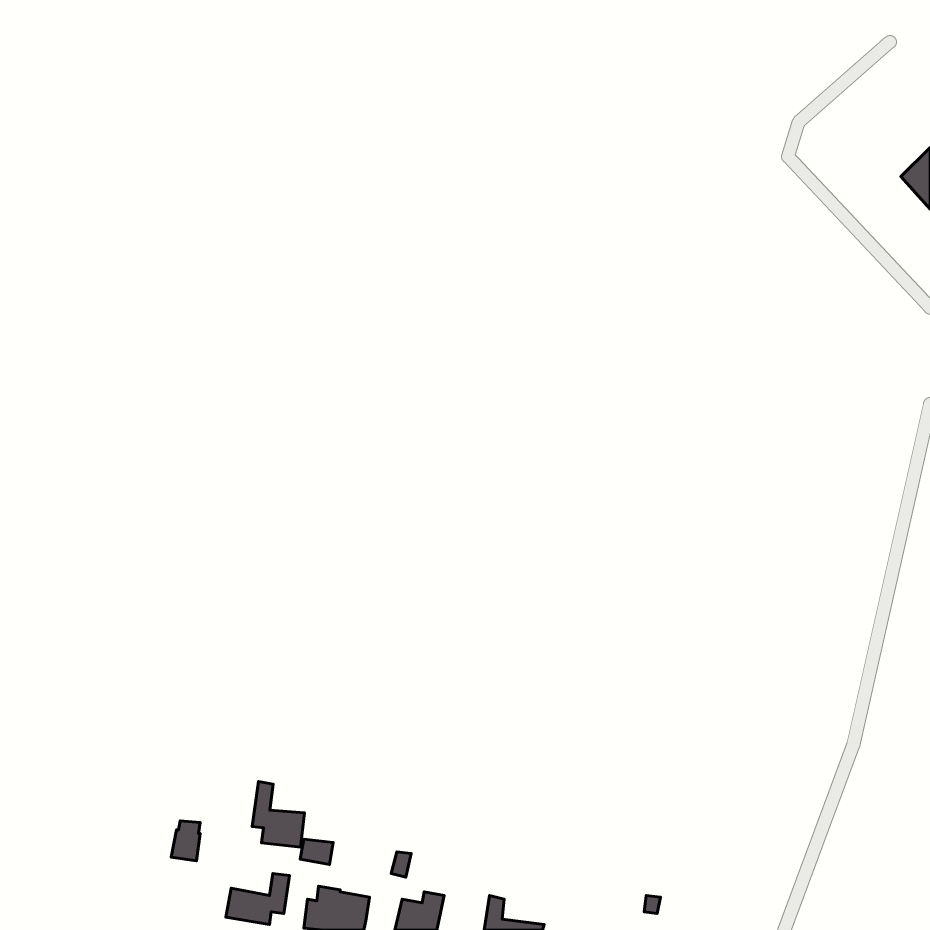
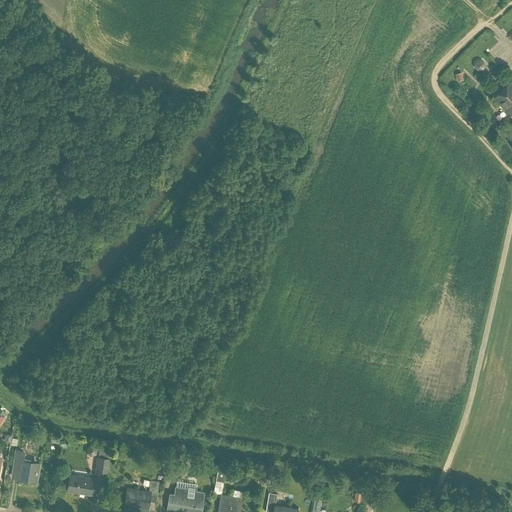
building: [252,782,304,847] -> none
building: none -> [14,451,38,480]
building: none -> [67,475,94,495]

